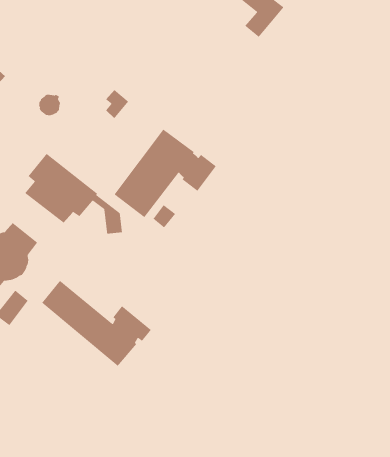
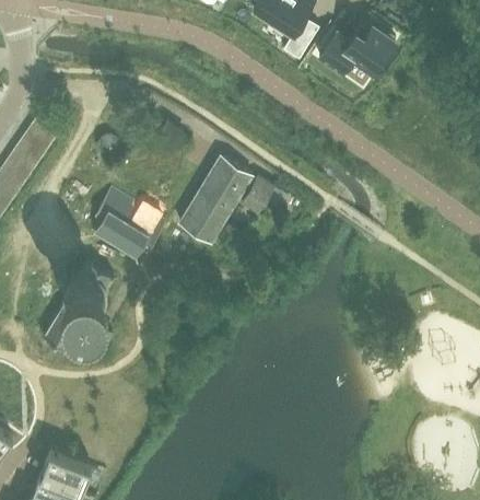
building: none -> [319,26,396,75]
building: [41,280,152,367] -> none

